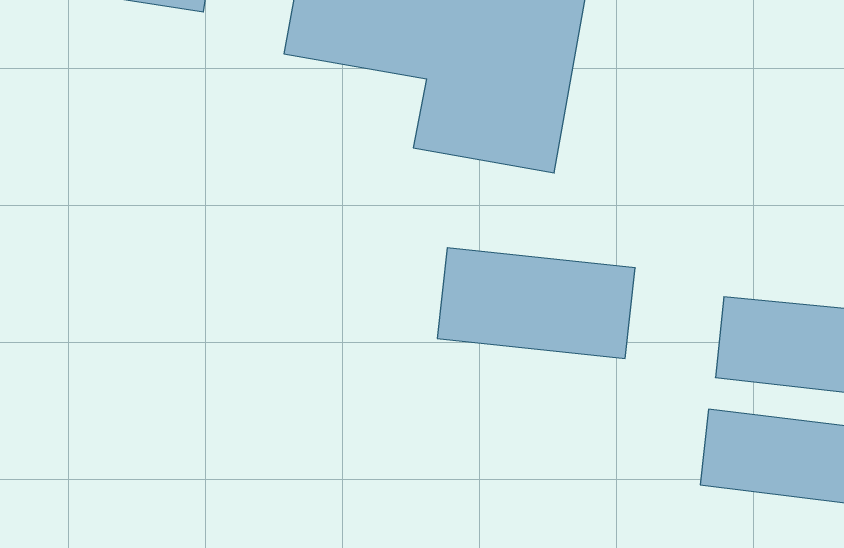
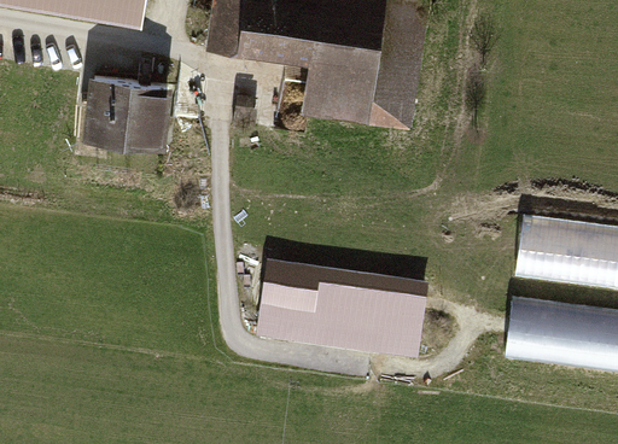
building: none -> [84,81,168,147]
building: [437,248,635,358] -> [274,268,416,347]

